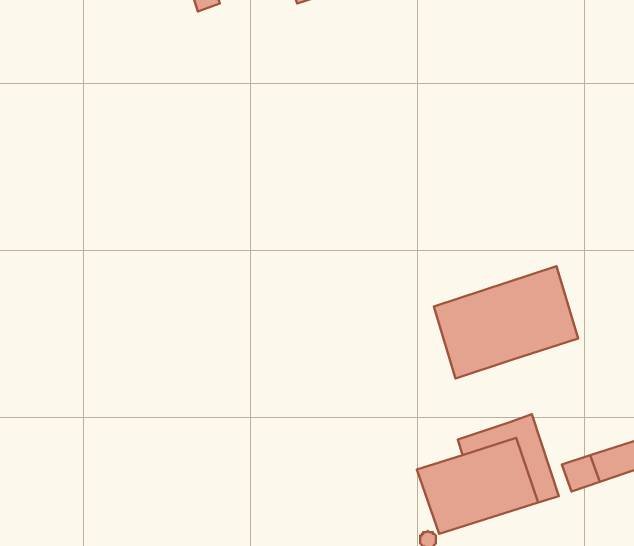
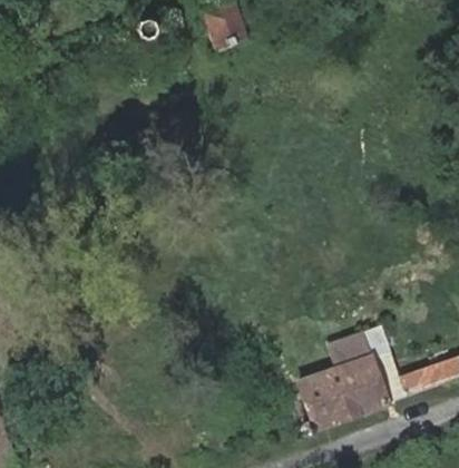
building: [434,266,578,378] -> none

